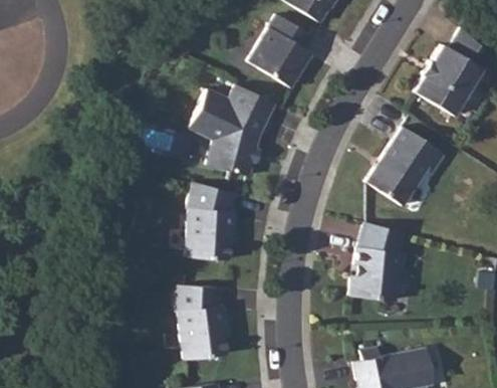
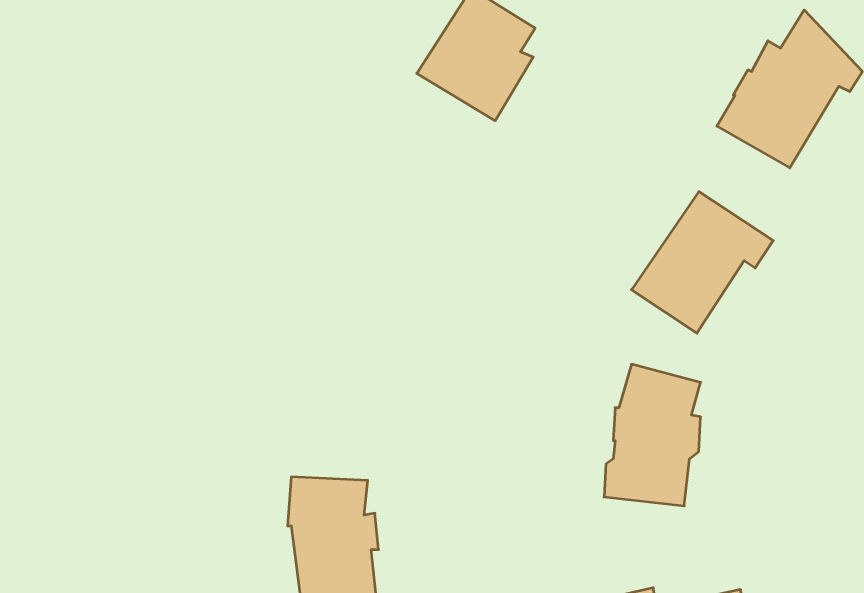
building: [188,85,274,177] -> none
building: [185,183,234,260] -> none

